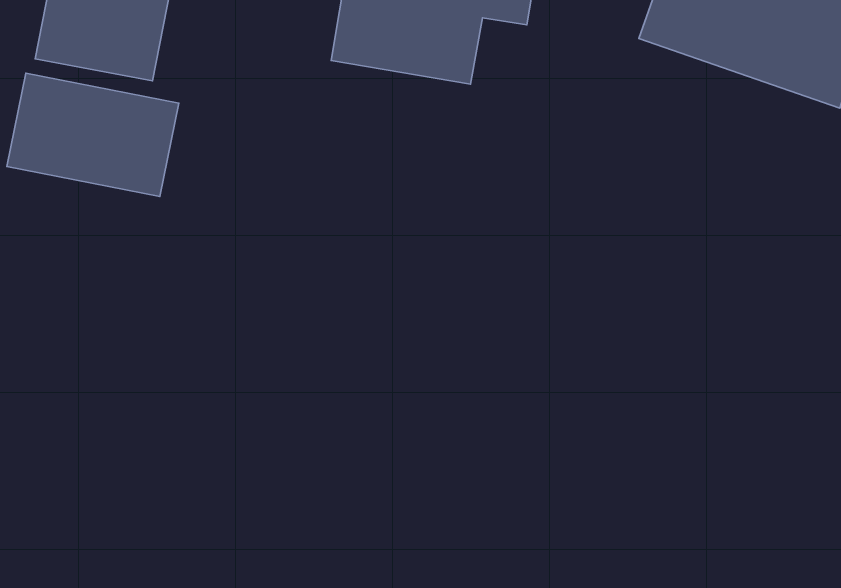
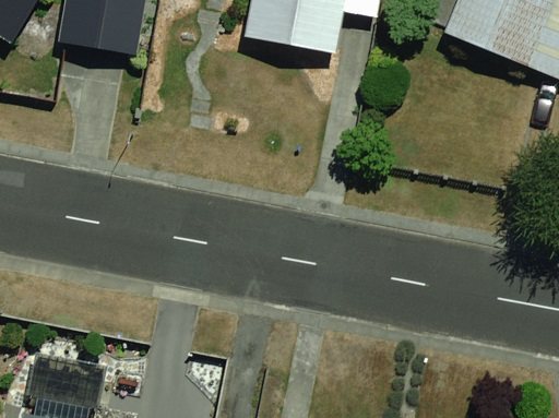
building: [7,73,179,196] -> none

